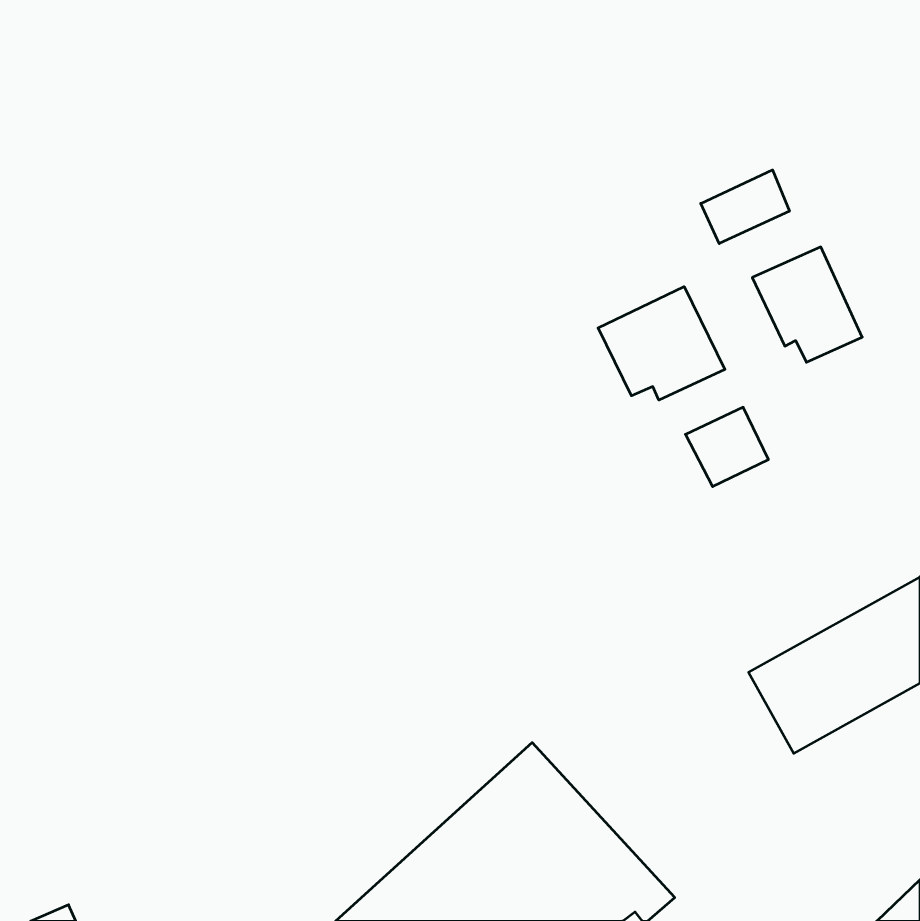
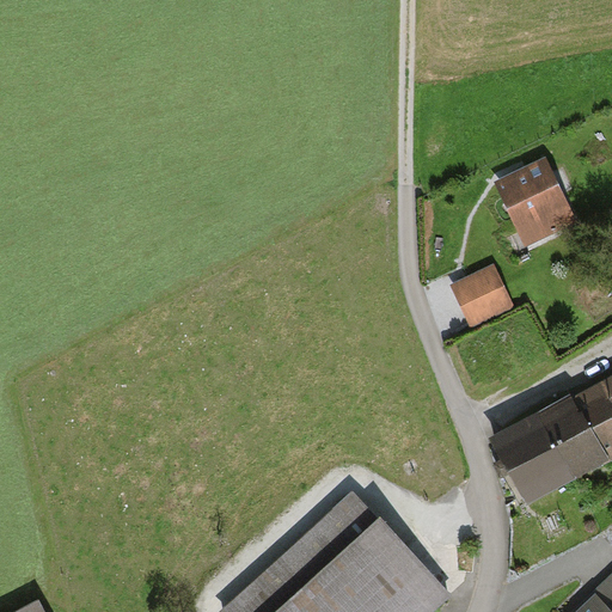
building: [701,170,789,244] -> none
building: [598,287,725,400] -> none

